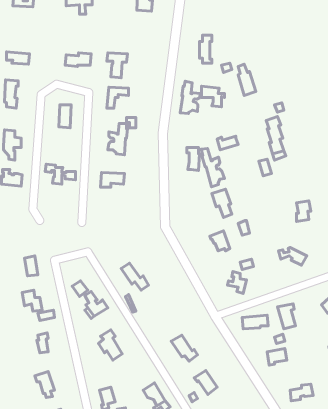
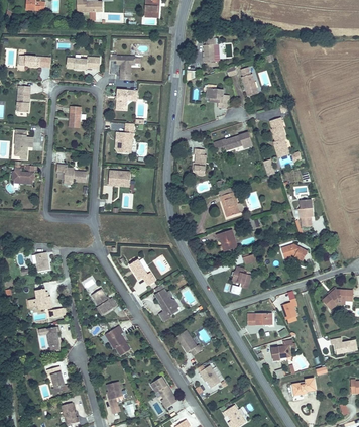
building: [180,81,200,114] -> none
building: [201,148,224,187] -> none
building: none -> [153,287,178,319]

